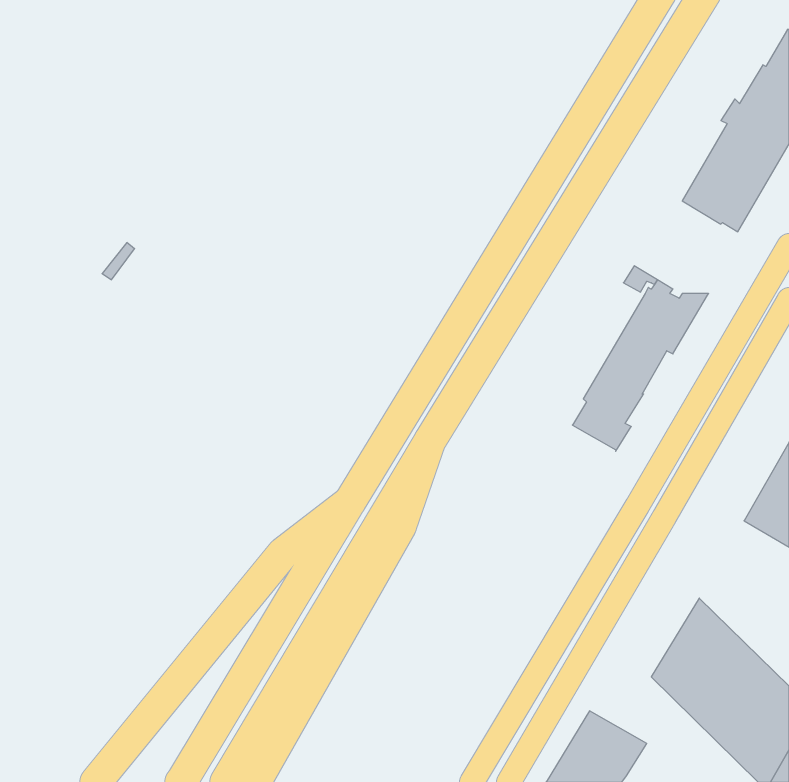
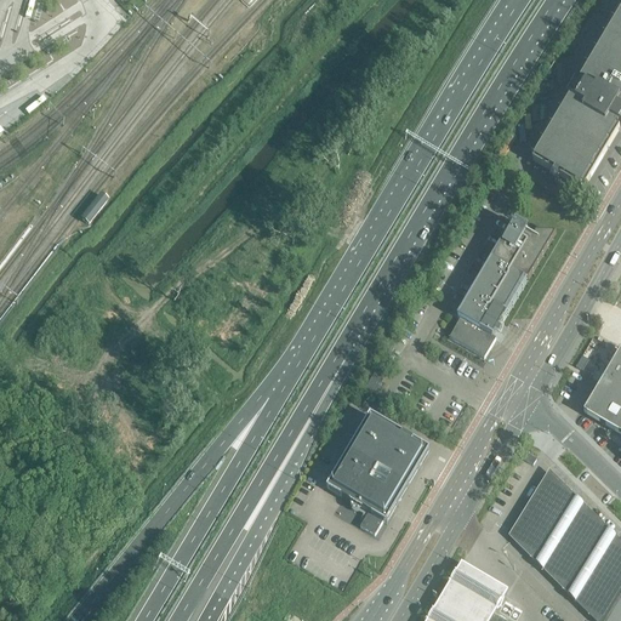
building: none -> [329,412,425,531]

